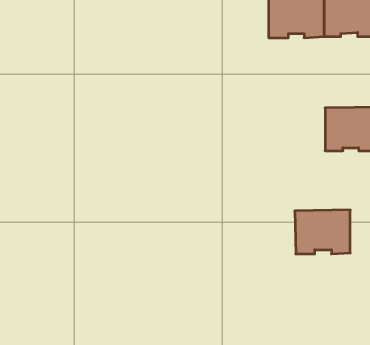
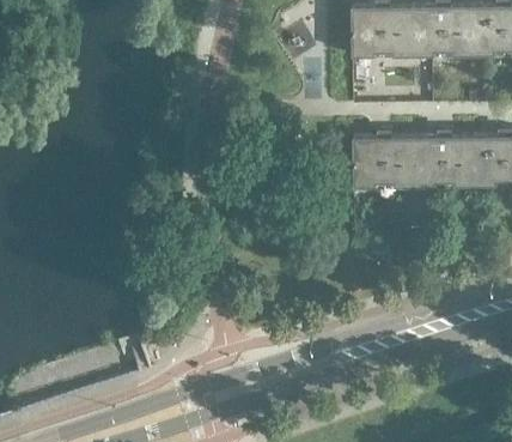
building: [295,210,350,254] -> [353,137,416,187]

